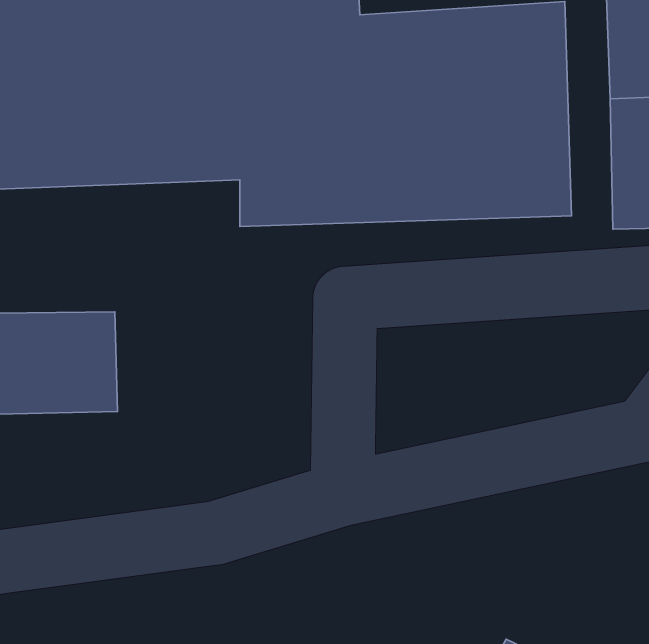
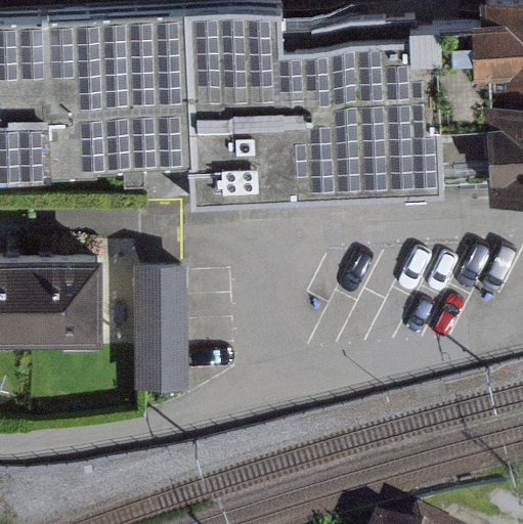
building: none -> [135,271,188,396]

